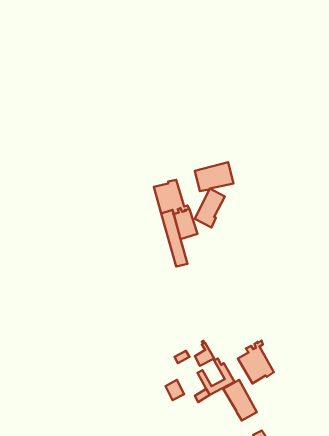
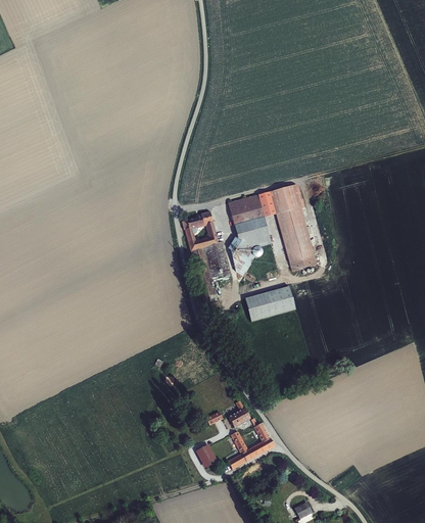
building: none -> [269,186,316,273]
building: none -> [245,286,296,321]
building: [238,340,274,383] -> none
building: [223,380,257,420] -> none

